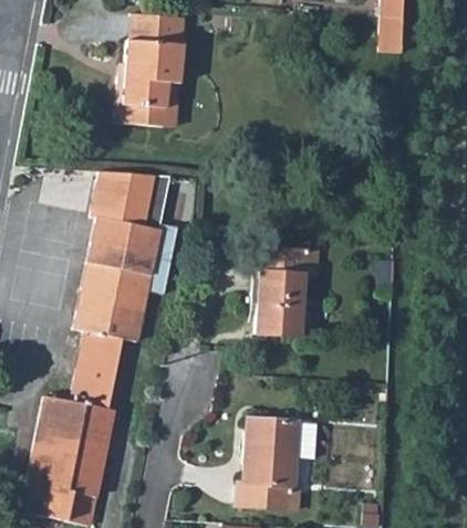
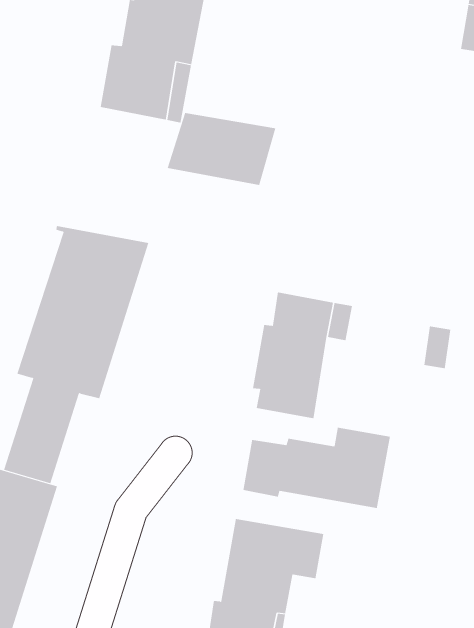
building: [92,171,170,220] -> [167,112,276,186]
building: none -> [243,427,390,509]

